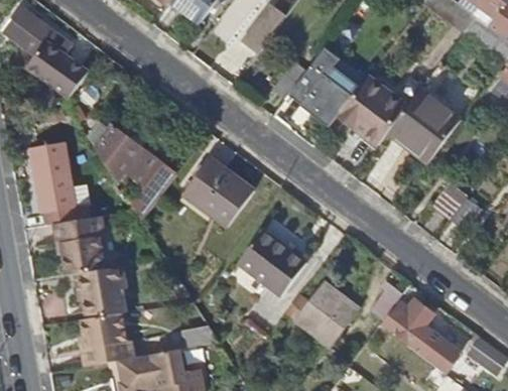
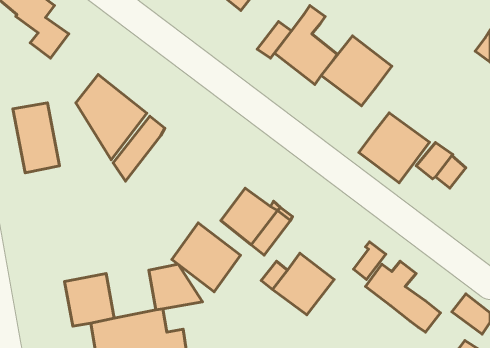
building: [391,89,462,158] -> [359,113,430,183]
building: [184,159,253,228] -> [172,223,241,292]
building: [56,216,128,319] -> none

